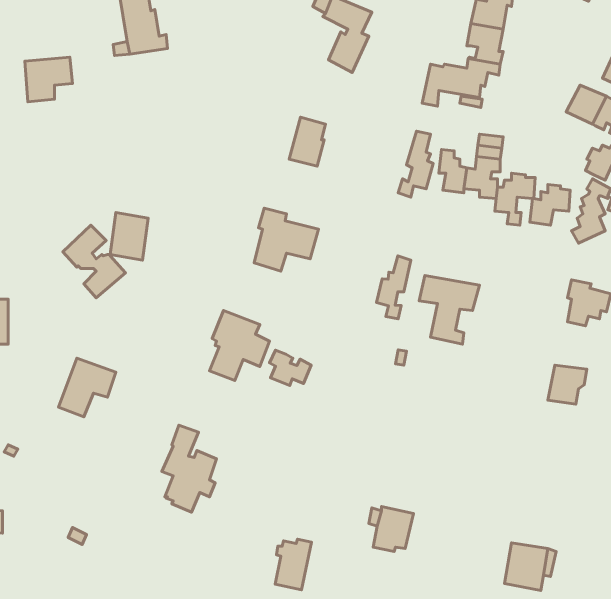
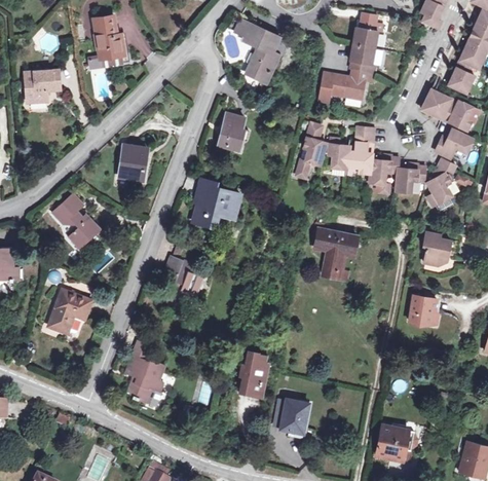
building: [110,212,148,260] -> [118,145,146,180]
building: [377,256,411,319] -> none
building: [270,350,311,385] -> none
building: [275,539,311,590] -> [238,359,265,396]

